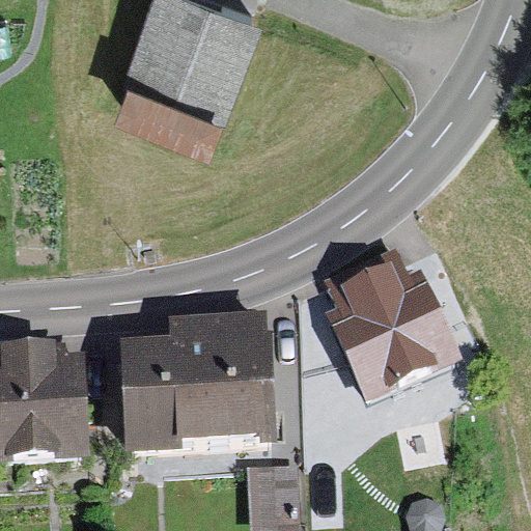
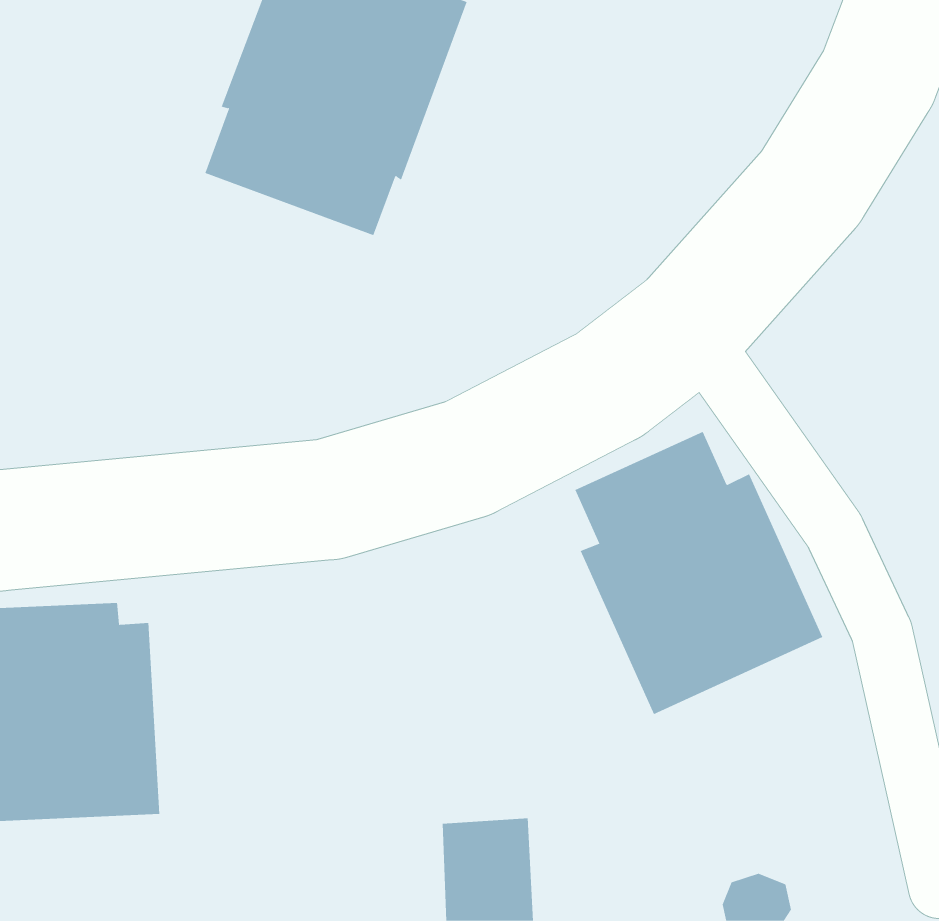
building: [120,312,279,454] -> none

